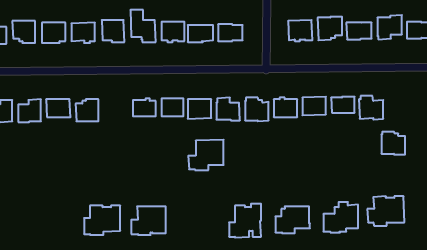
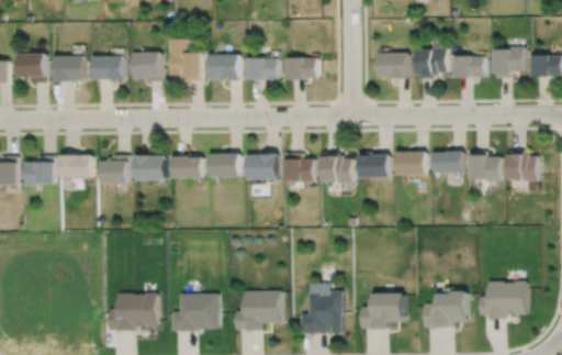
building: none -> [135,155,167,181]
building: [381,132,405,155] -> [506,152,537,181]
building: [188,140,224,170] -> [233,292,279,332]

